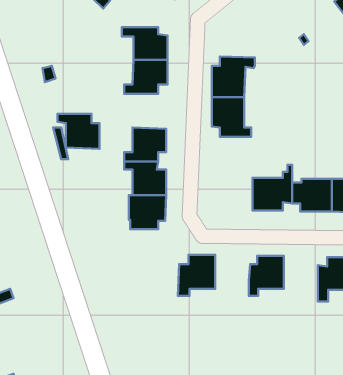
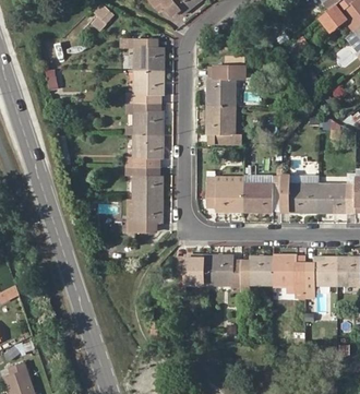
building: [58,114,100,149] -> [125,103,165,135]
building: none -> [208,175,245,212]
building: none -> [211,253,243,291]
building: none -> [275,254,307,297]

